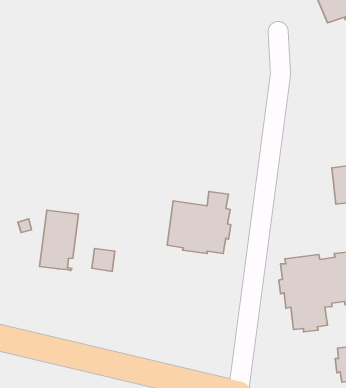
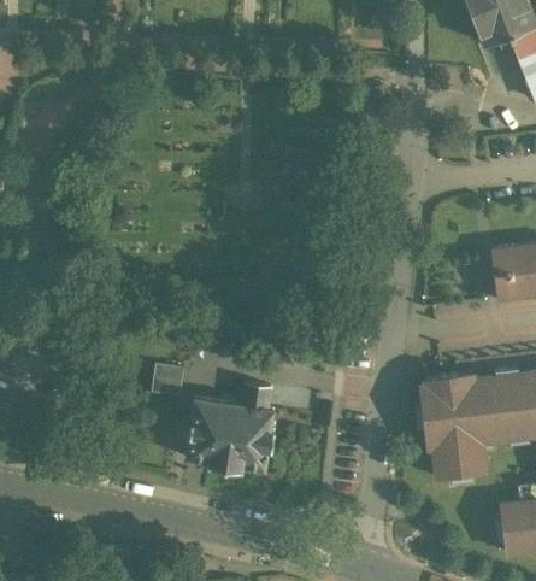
building: [167,191,231,254] -> [184,383,275,471]
building: [39,210,78,271] -> none

